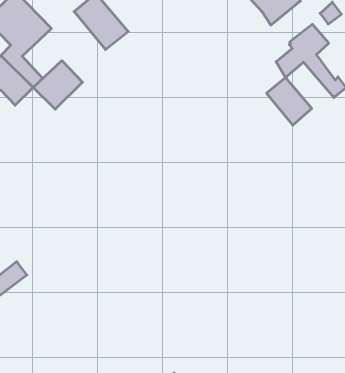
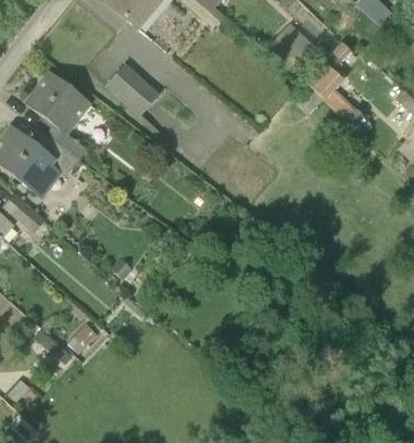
building: [33,61,83,109] -> none
building: [267,77,312,125] -> none

